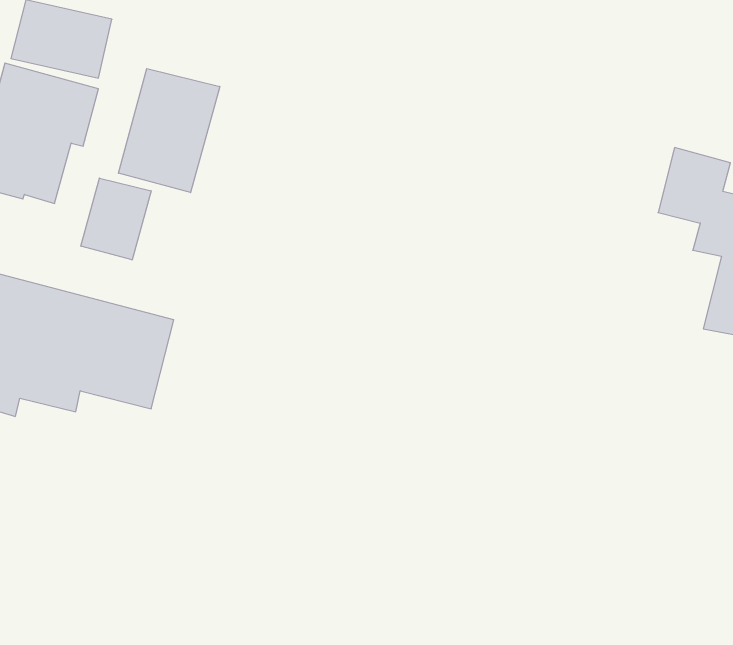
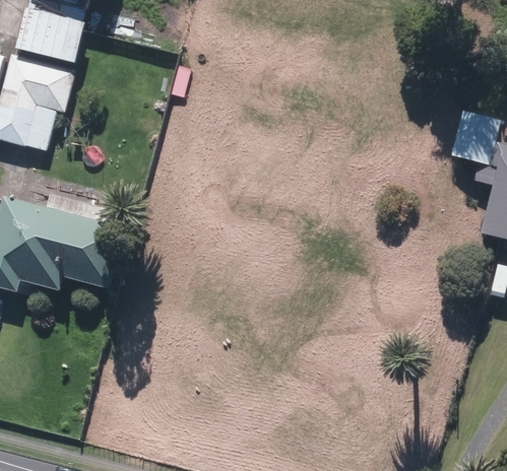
building: [118,69,220,193] -> none
building: [81,178,151,260] -> none

